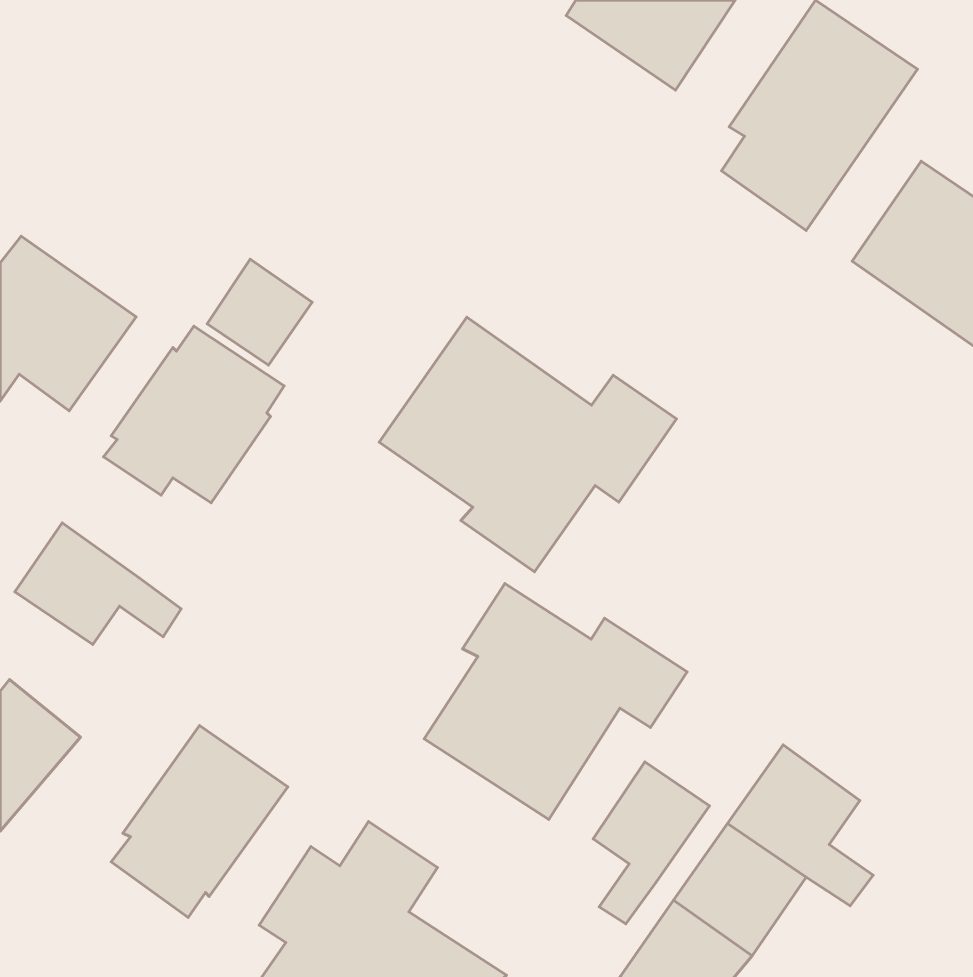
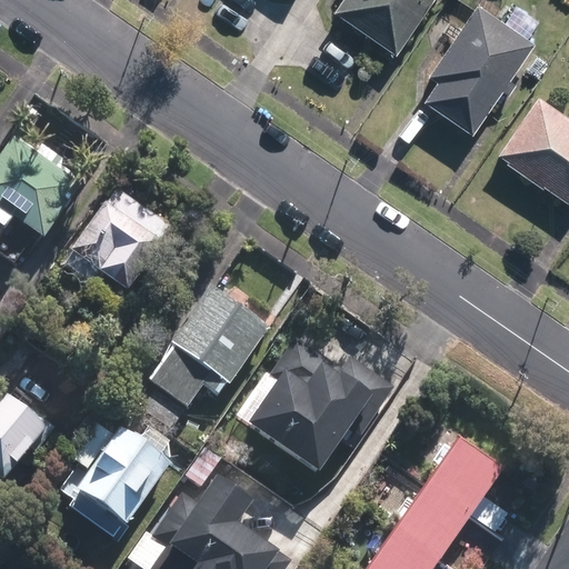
building: [207,259,312,365] -> none
building: [379,317,677,572] -> none
building: none -> [142,288,269,431]
building: [15,523,181,644] -> none
building: [593,762,710,924] -> none

